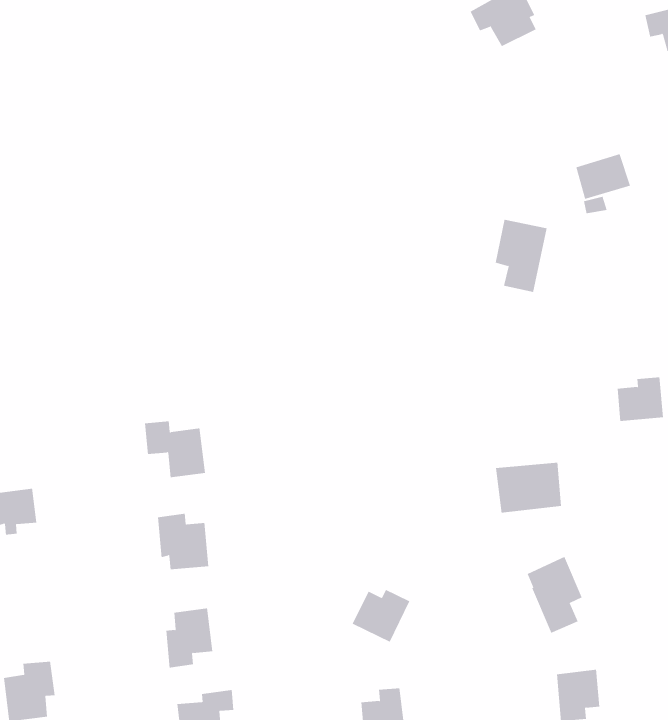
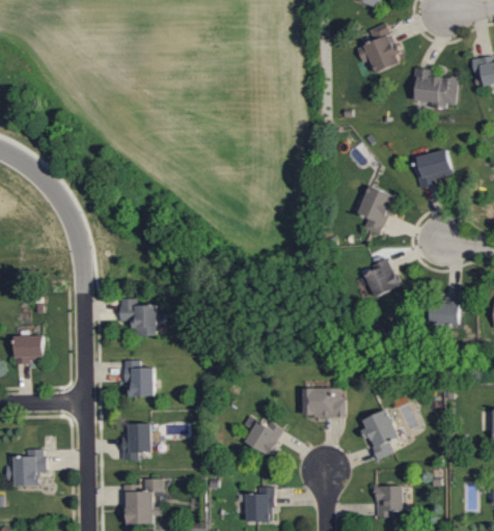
building: none -> [412,68,458,107]
building: none -> [363,258,401,299]
building: [495,462,562,513] -> [302,388,344,418]

